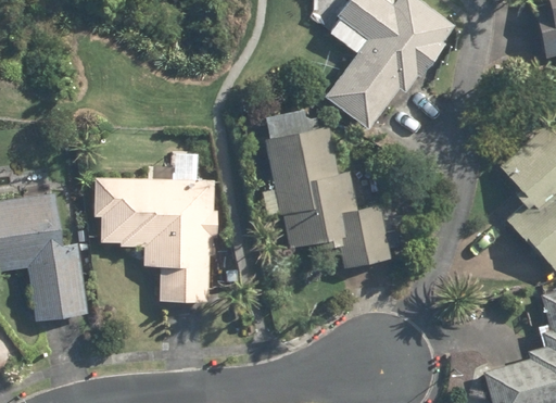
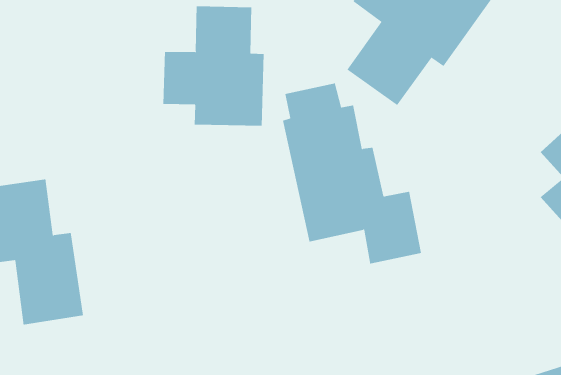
building: none -> [163,5,264,127]
building: [92,153,219,304] -> none

